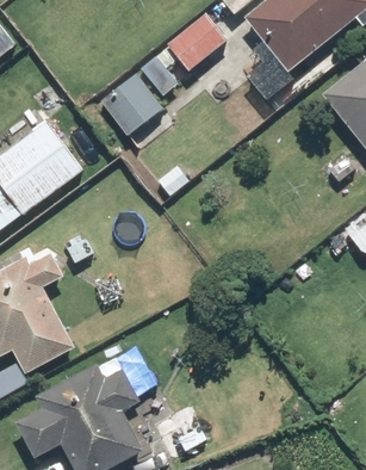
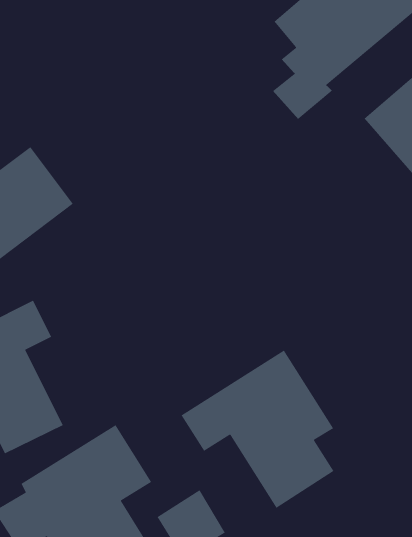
building: [145,13,225,79] -> none
building: [99,72,167,138] -> none
building: none -> [181,350,334,509]

